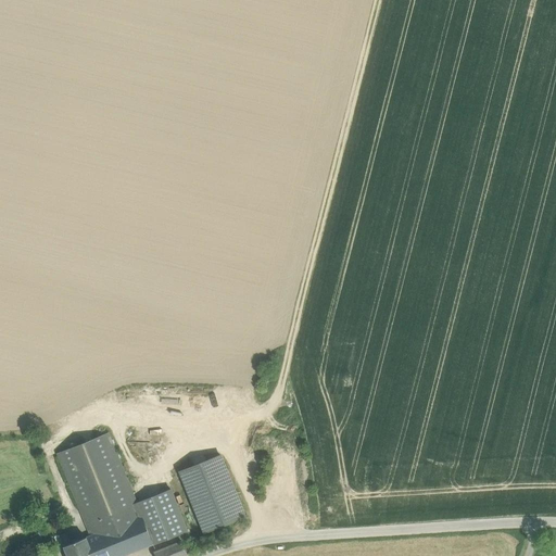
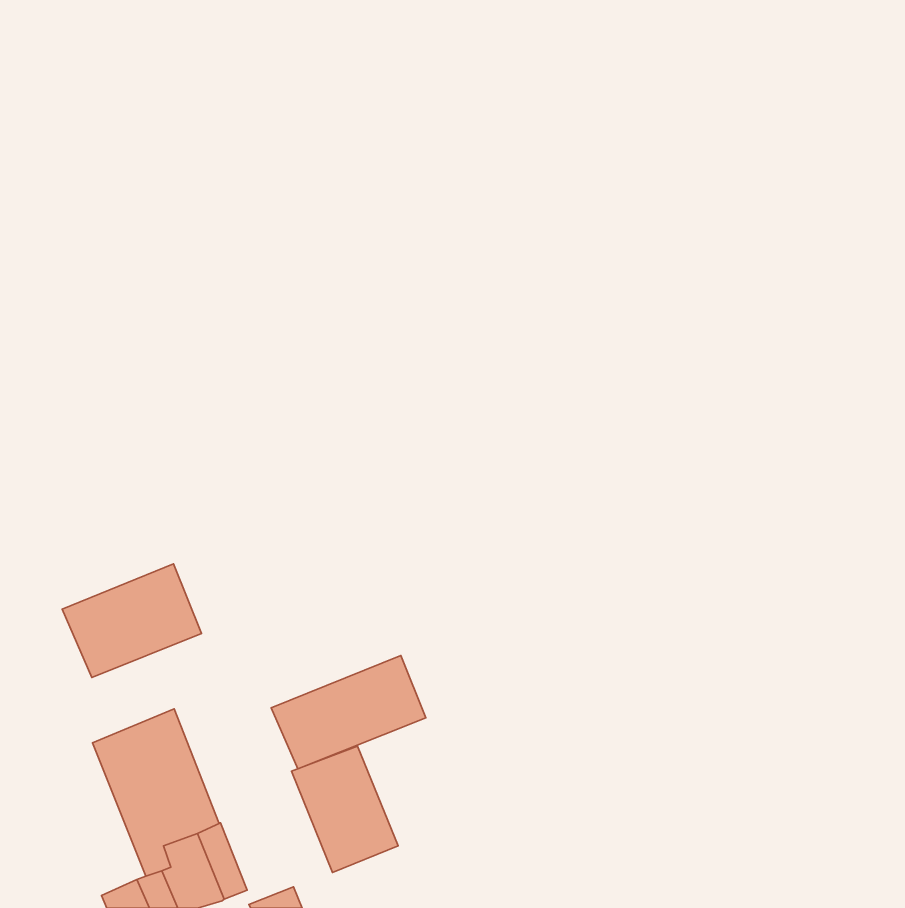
building: none -> [62,564,202,677]
building: none -> [271,655,426,769]
building: [137,490,185,544] -> none

